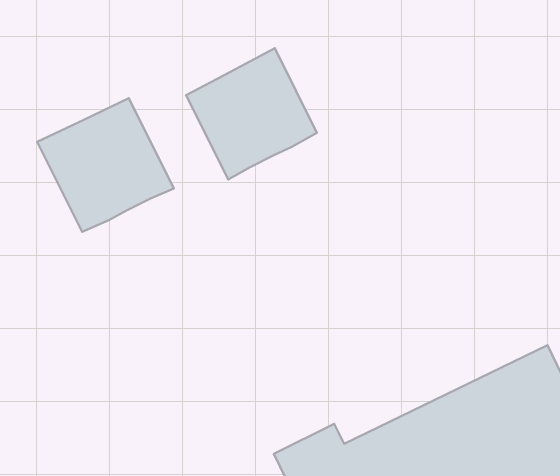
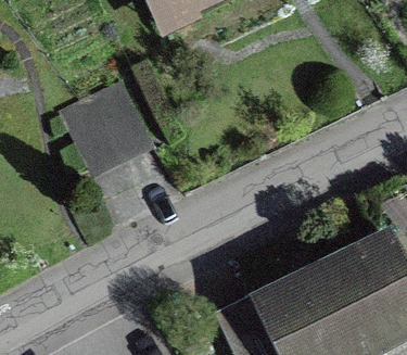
building: [186,48,317,180] -> none

